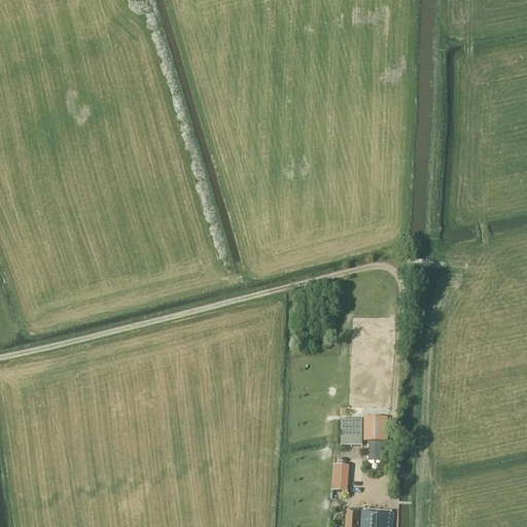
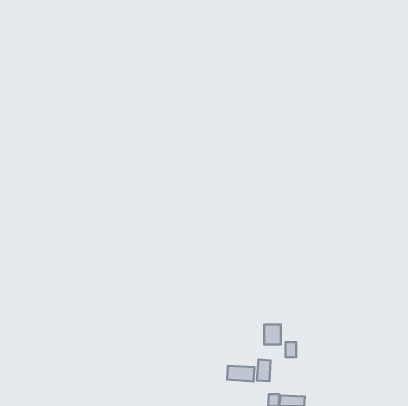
building: [365,416,387,438] -> none
building: none -> [227,366,255,382]

